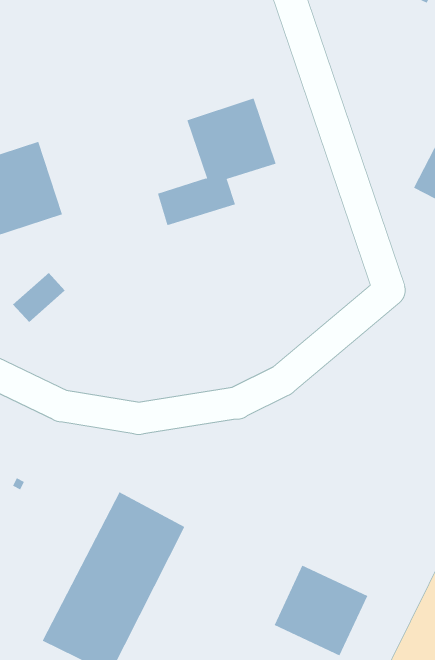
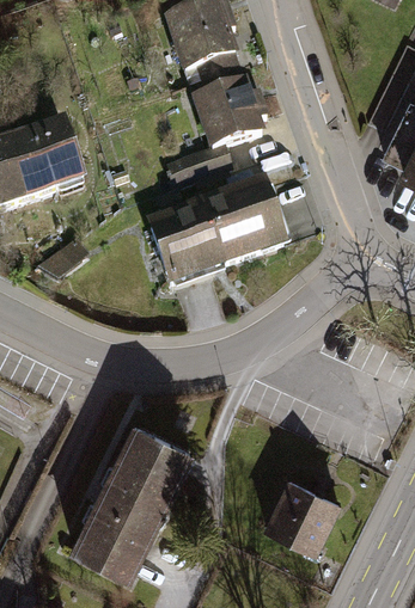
building: none -> [166,7,246,103]
building: none -> [154,186,289,280]

